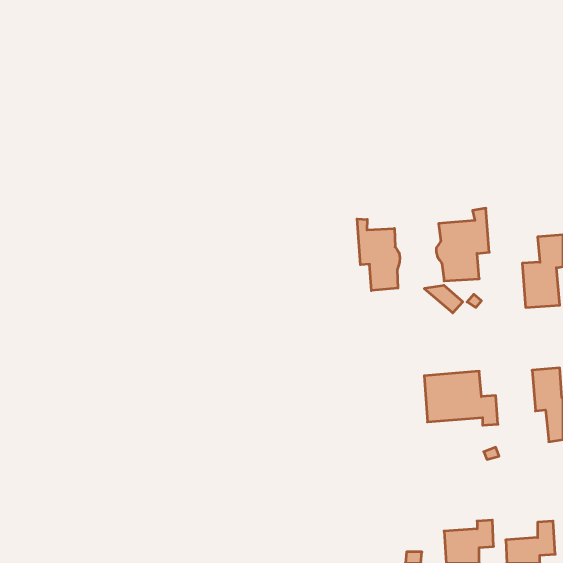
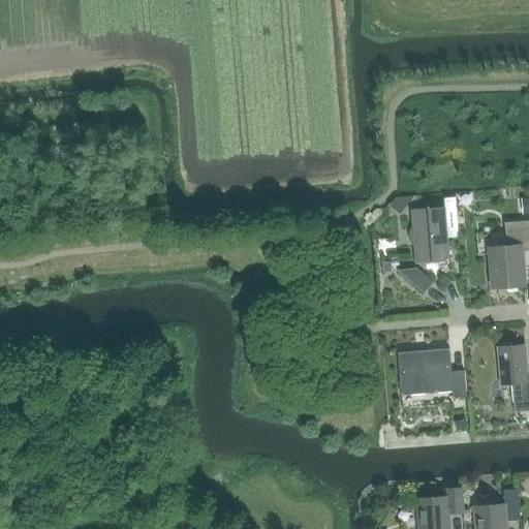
building: [357,219,400,291] -> none

